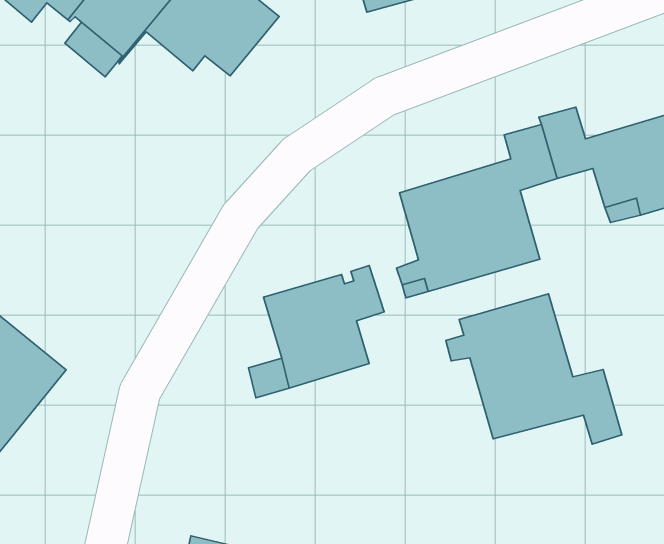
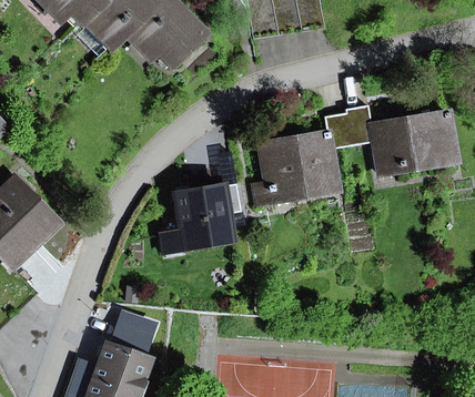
building: [446,294,622,444] -> none

